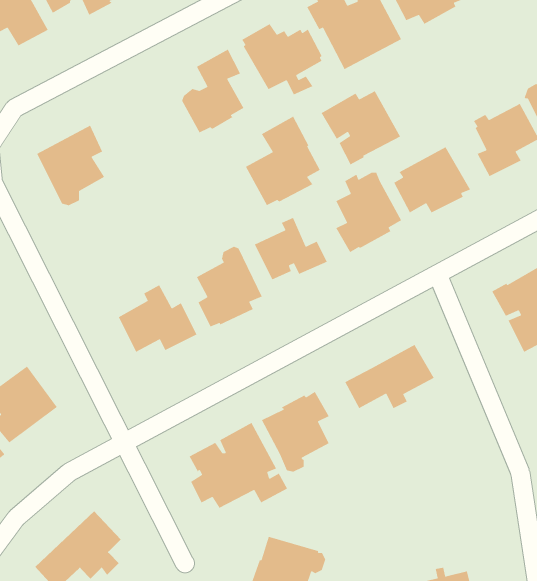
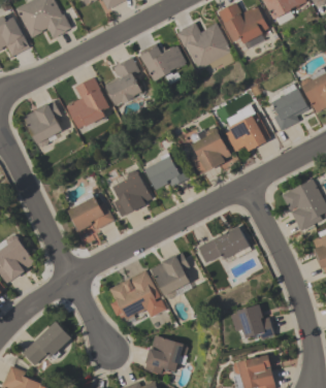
building: [320,90,401,165] -> none
building: [245,116,321,206] -> [66,77,109,129]
building: none -> [231,304,274,340]

